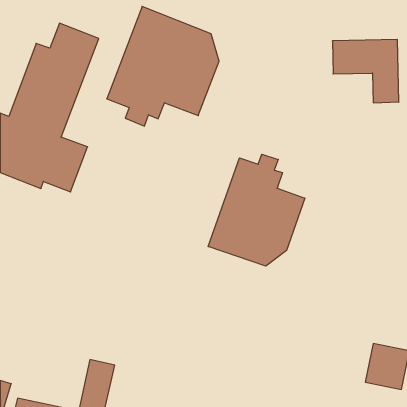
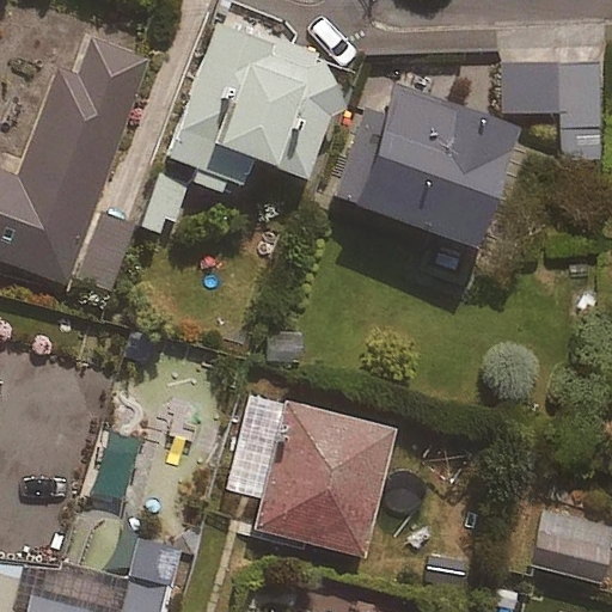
building: none -> [343,81,506,239]
building: [208,154,305,266] -> none
building: none -> [253,403,393,557]

